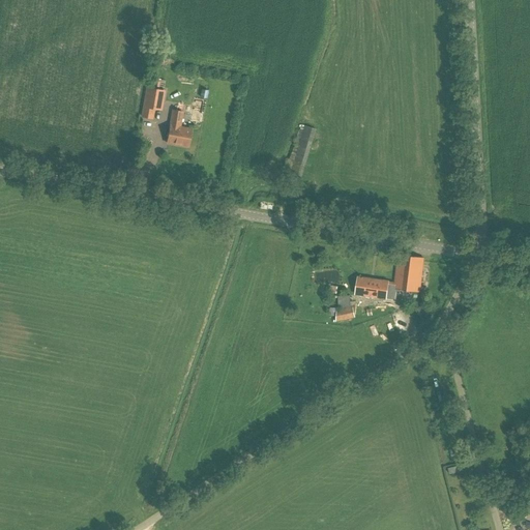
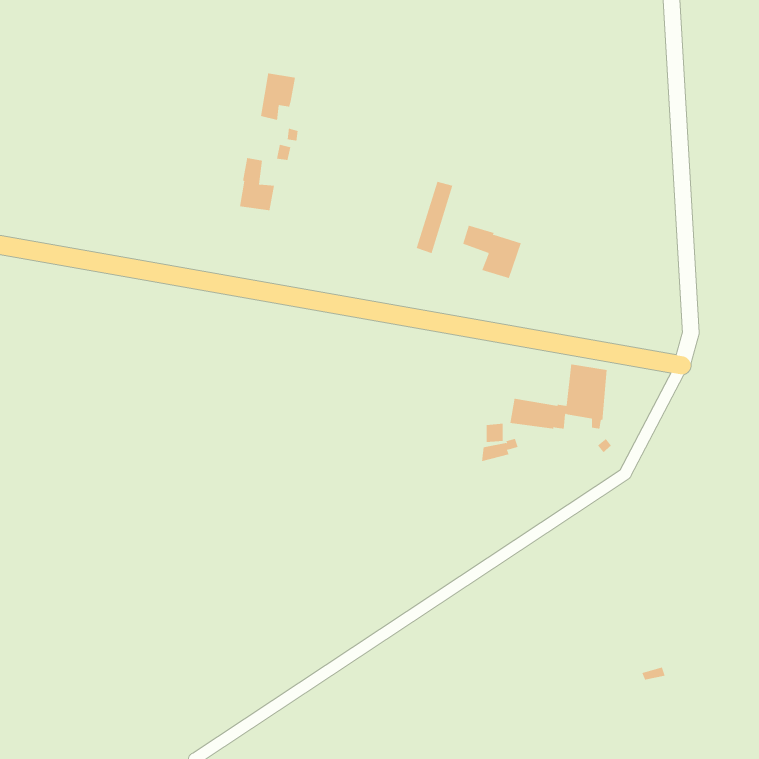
building: [141,87,166,120] -> [260,73,296,120]
building: none -> [463,225,522,279]

